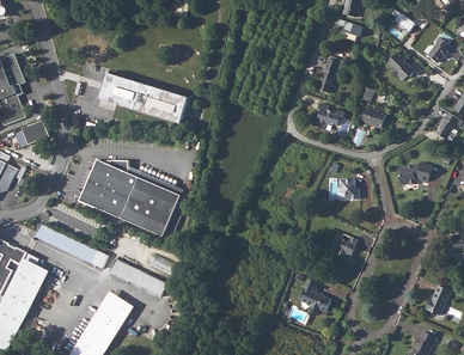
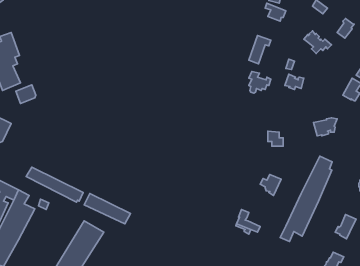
building: [99,72,188,123] -> none
building: [79,159,179,235] -> none
building: none -> [280,156,332,241]

